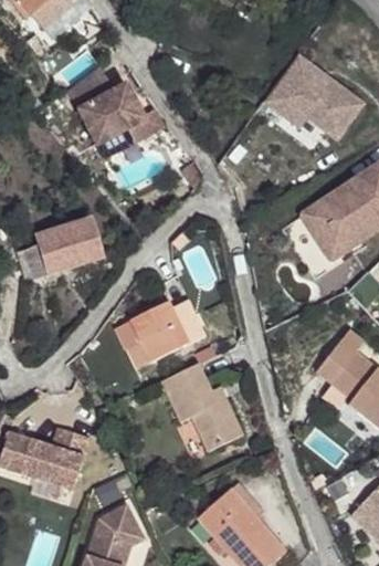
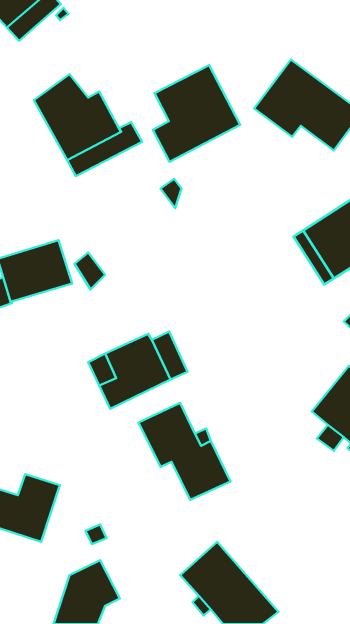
building: none -> [153,65,240,162]

